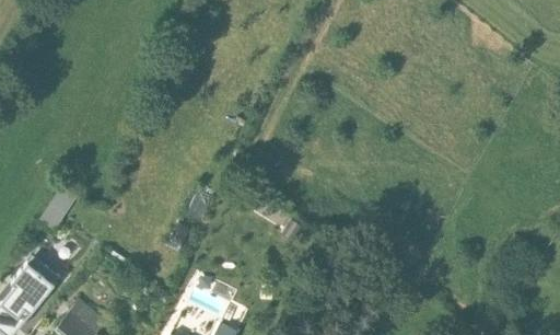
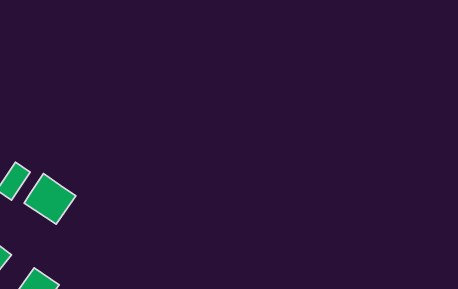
building: none -> [24,174,76,224]

